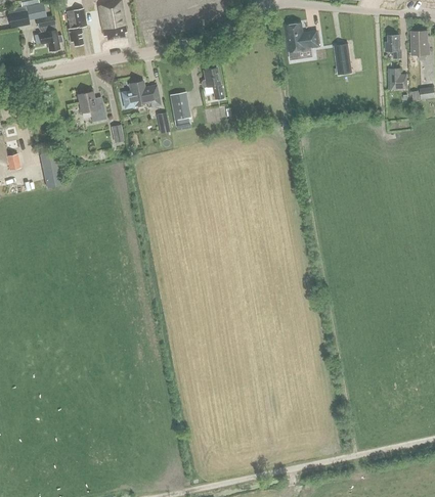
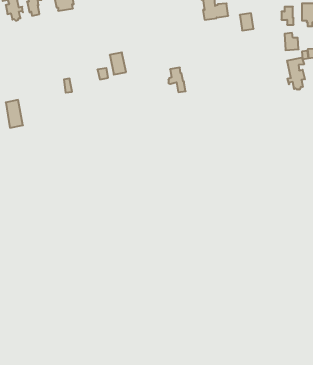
building: [202,66,223,97] -> [168,68,186,92]
building: [121,81,160,108] -> none
building: [77,91,105,122] -> none
building: none -> [287,58,305,90]

